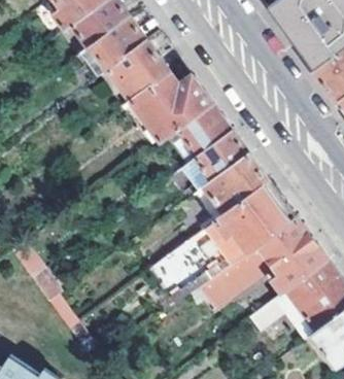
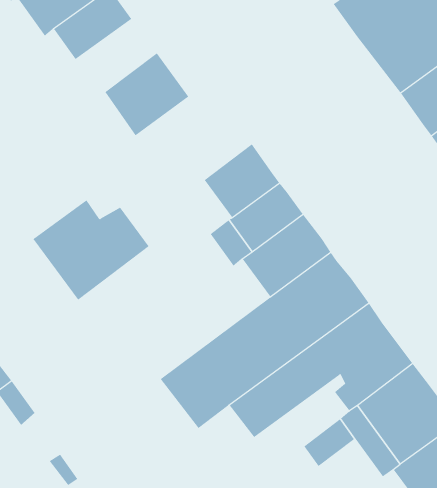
building: [79,18,144,76] -> none
building: [129,72,211,143] -> [33,199,150,300]

